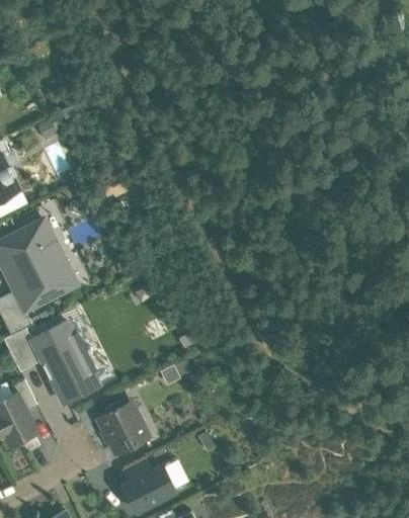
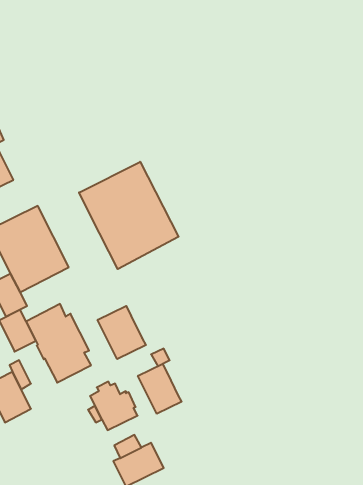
building: none -> [79,162,179,269]
building: none -> [98,306,146,359]
building: none -> [138,364,182,414]

